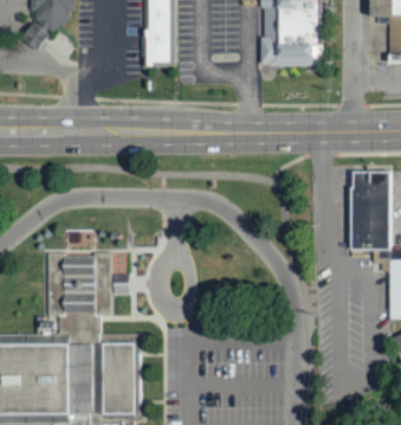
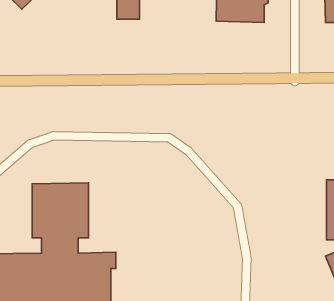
building: [349,170,389,250] -> none

